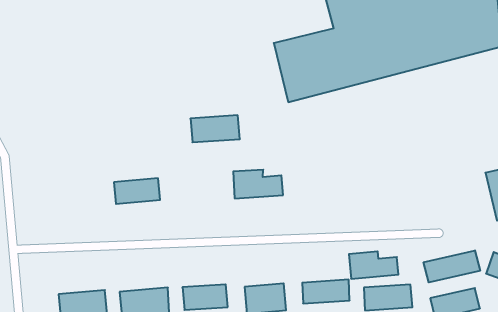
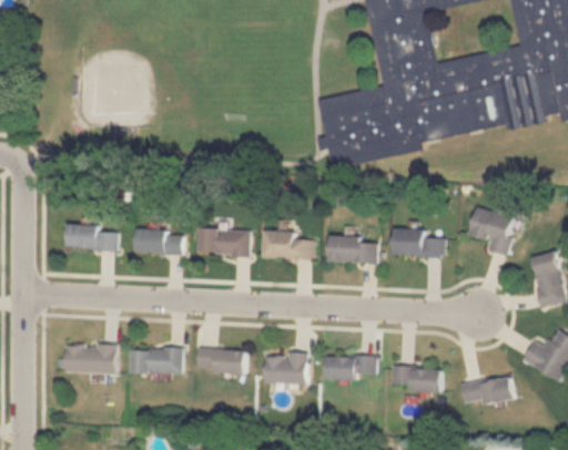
building: [190,115,240,142] -> [197,228,248,255]
building: none -> [469,204,519,254]
building: none -> [329,236,378,262]
building: none -> [65,224,115,248]
building: [424,250,480,282] -> none
building: [349,251,398,279] -> [394,228,445,255]

